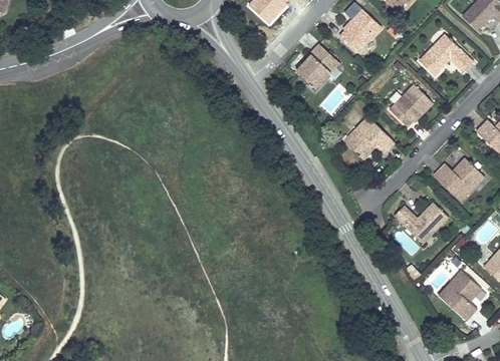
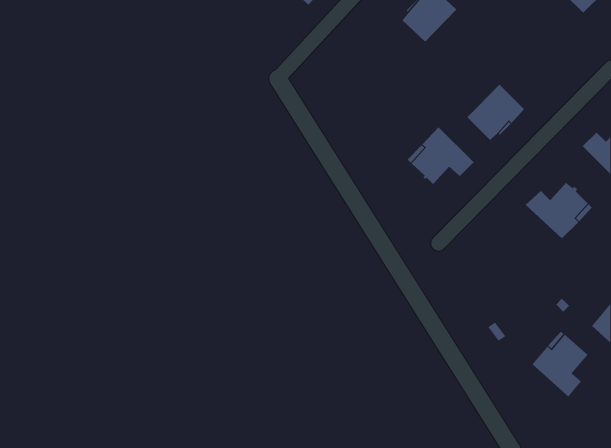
building: [419,33,473,75] -> none
building: [295,43,339,88] -> none
building: [394,202,448,243] -> none

